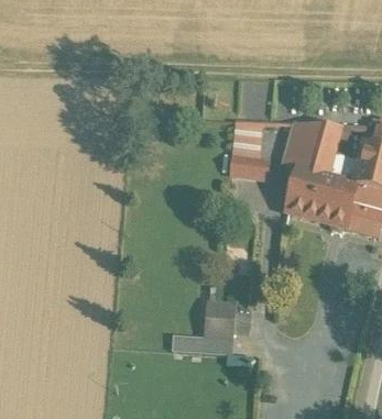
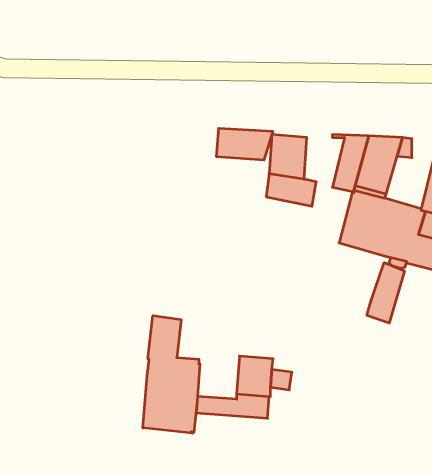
building: none -> [217,128,273,160]
building: none -> [367,263,404,323]
building: none -> [143,316,200,433]

